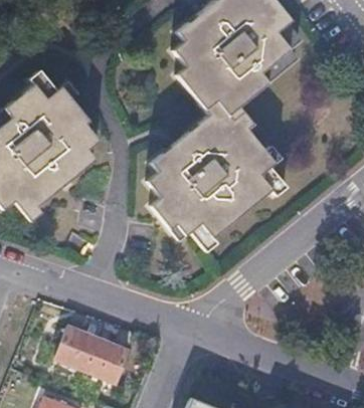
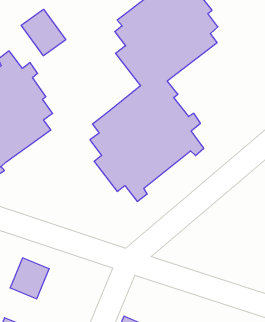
building: none -> [21,9,66,56]
building: [81,337,128,387] -> none

